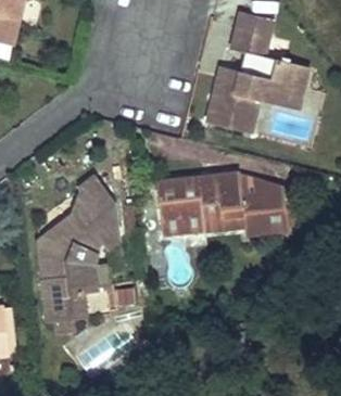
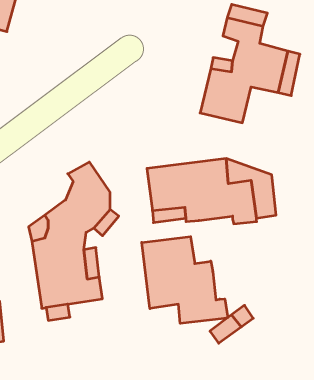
building: none -> [142,237,228,323]

